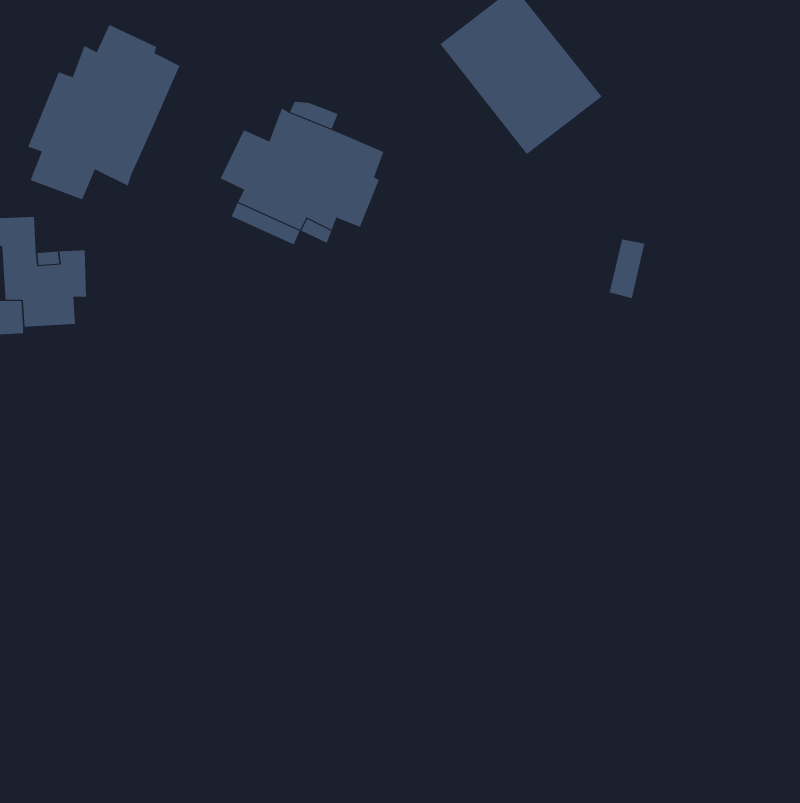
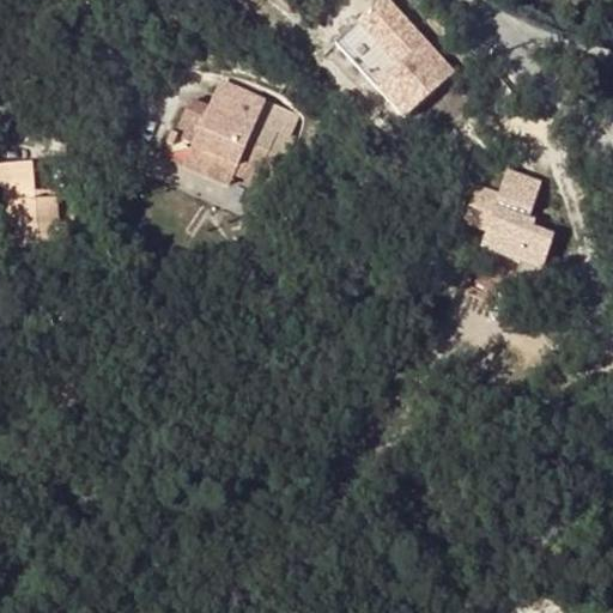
building: [27,24,180,200] -> none
building: none -> [482,166,558,268]

